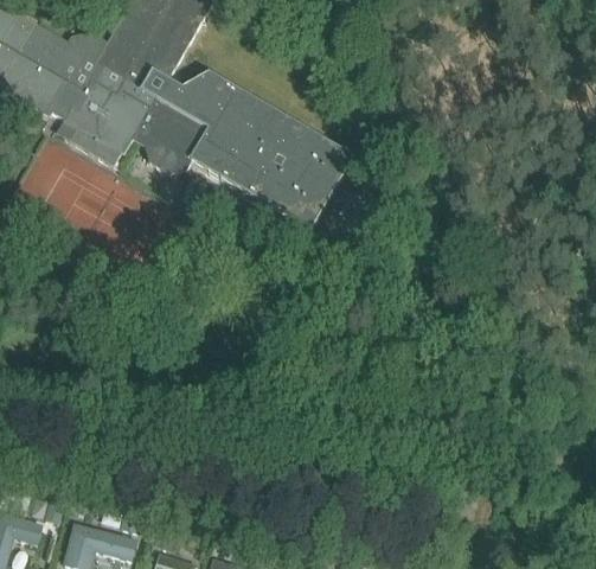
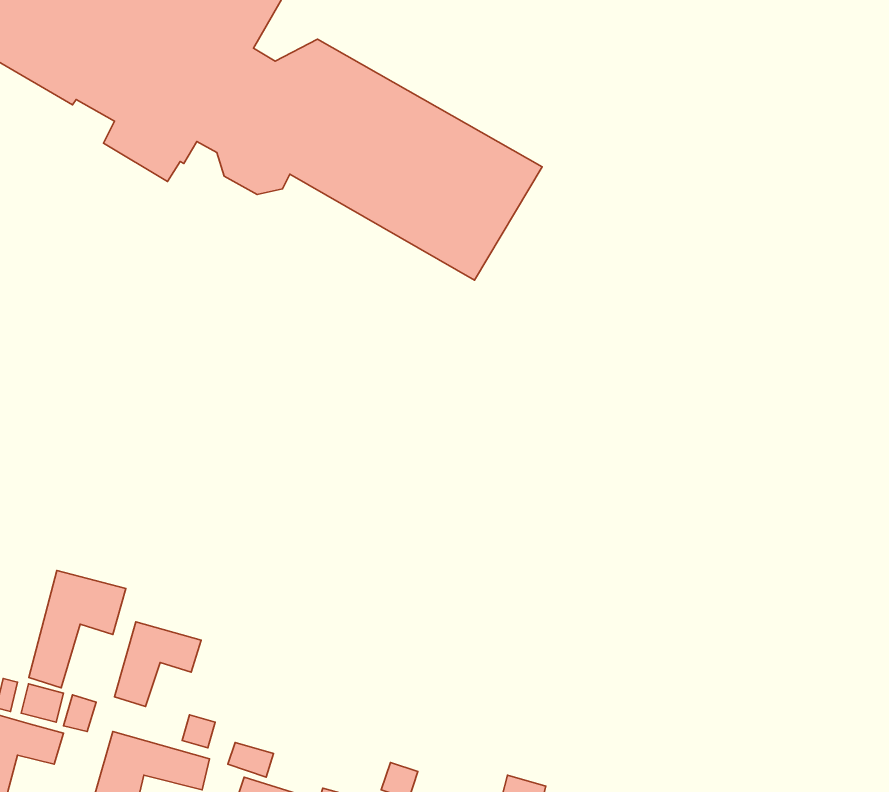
building: none -> [29,571,126,688]
building: none -> [115,622,201,707]

